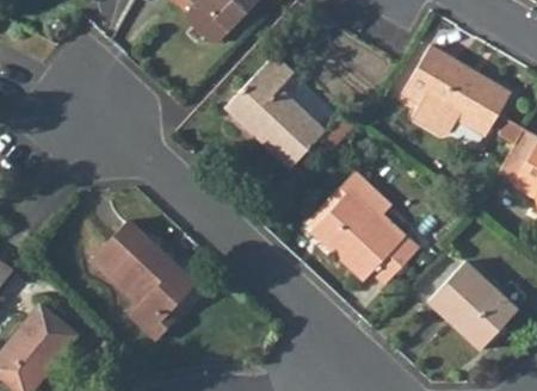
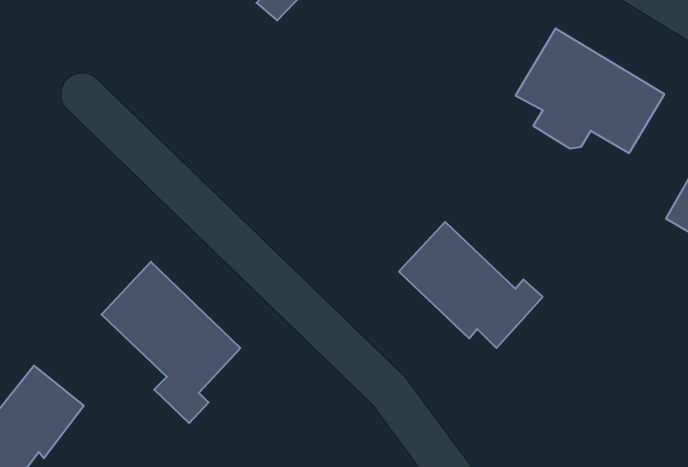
building: [226,54,326,167] -> none
building: [307,176,406,240] -> none
building: [428,261,518,350] -> none

